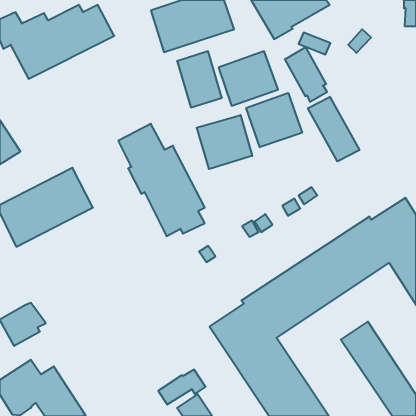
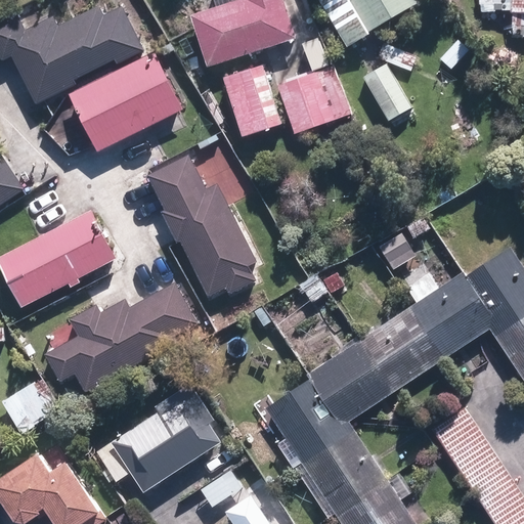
building: none -> [69,52,184,152]
building: [246,93,302,147] -> none
building: [308,97,359,161] -> none
building: [197,115,252,169] -> none
building: none -> [46,282,200,393]
building: none -> [93,384,218,493]

